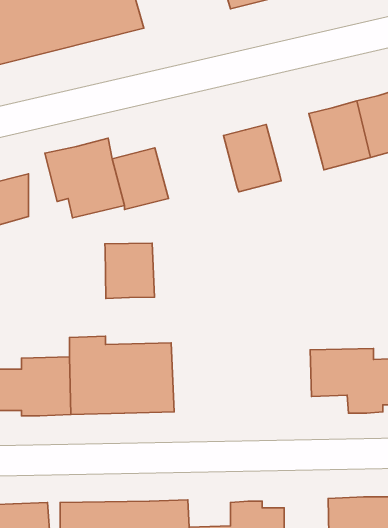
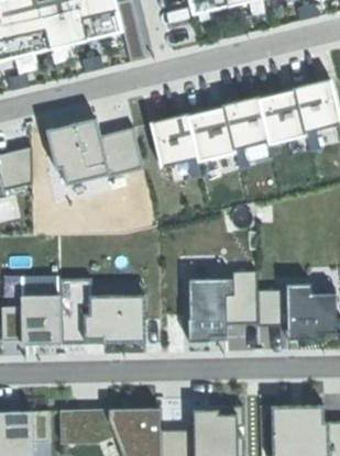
building: none -> [221,99,266,148]
building: none -> [149,114,198,168]
building: [105,243,154,298] -> none
building: none -> [187,270,257,342]

